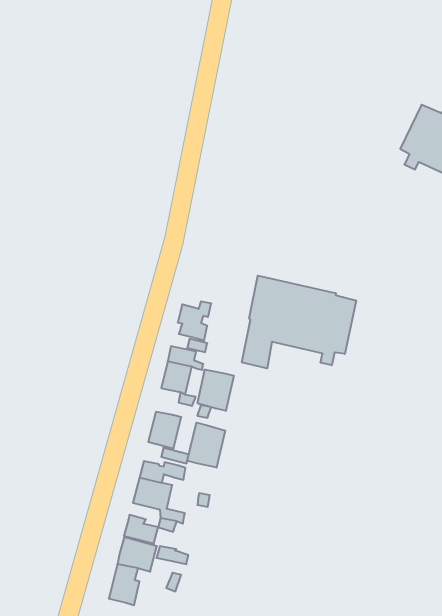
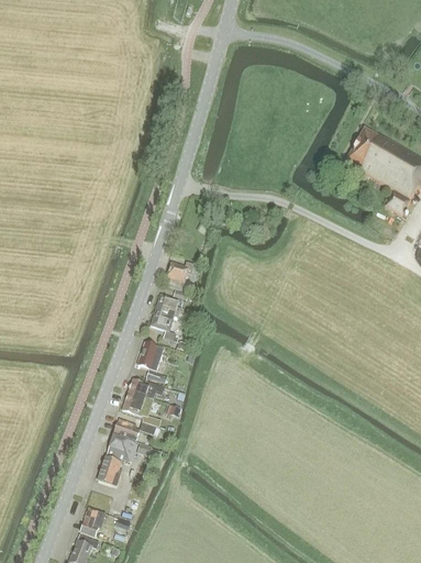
building: [242,276,356,368] -> none
building: [198,370,234,411] -> none
building: [187,423,225,468] -> none

